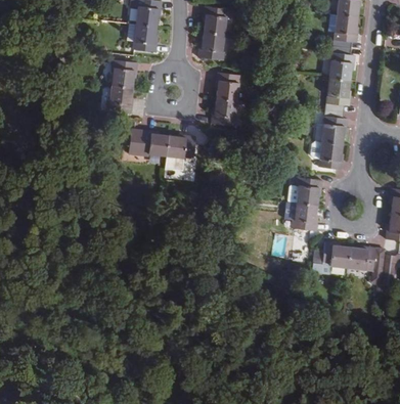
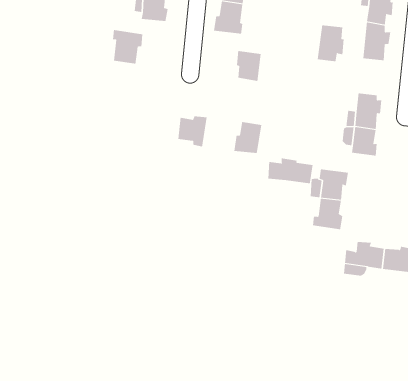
building: [326,80,351,113] -> [317,25,344,62]
building: [102,82,130,110] -> none
building: [212,97,237,126] -> [233,121,262,154]
building: [127,124,168,153] -> none
building: none -> [268,158,313,184]

